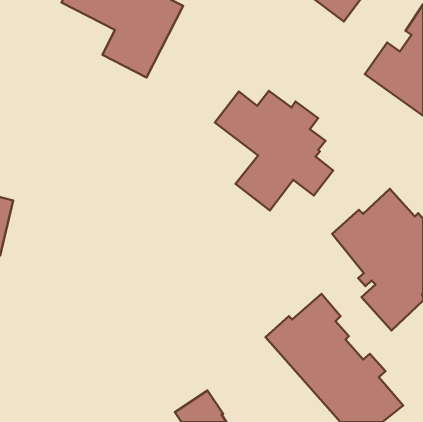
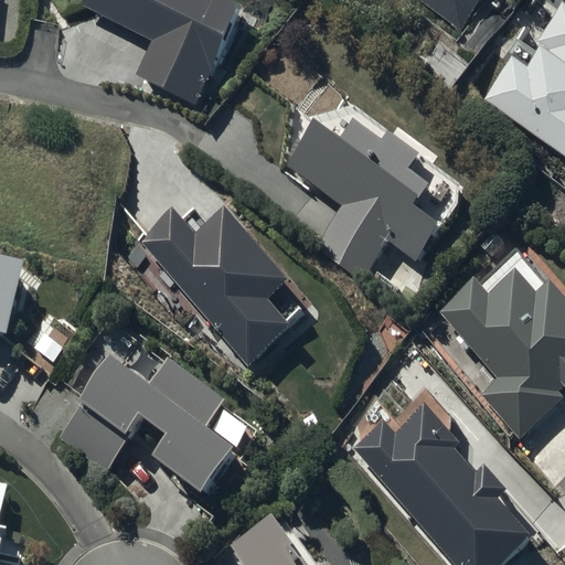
building: none -> [140,210,302,364]
building: none -> [56,358,238,515]

